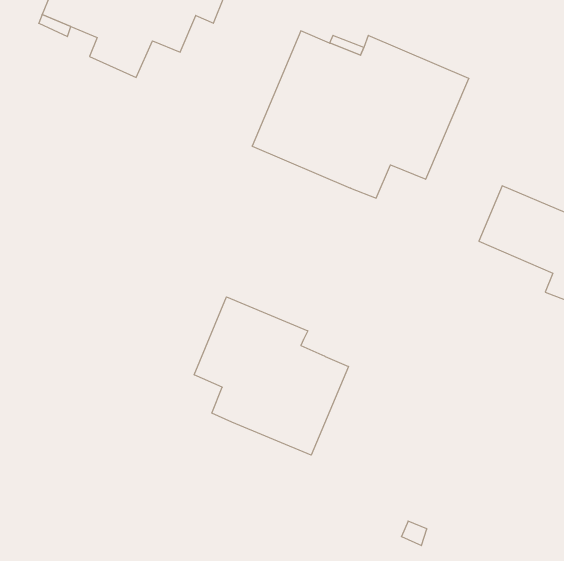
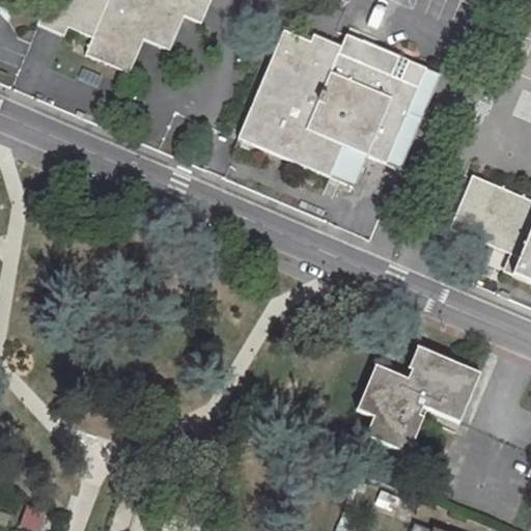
building: [194,297,348,455] -> none
building: none -> [359,346,480,453]

